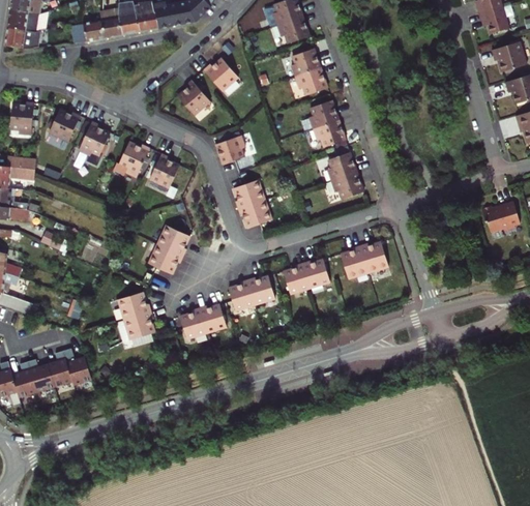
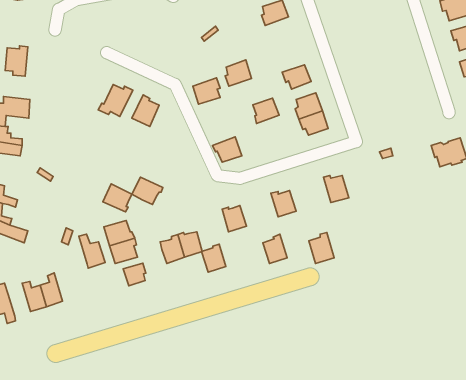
building: [203,58,238,91] -> none
building: [296,67,328,95] -> none
building: [177,80,210,115] -> none
building: [311,99,340,128] -> [225,60,251,86]
building: [48,110,80,142] -> none
building: [78,121,110,156] -> none
building: [234,181,263,209] -> [253,98,279,123]
building: [158,225,190,256] -> [103,184,132,212]
building: [341,244,369,278] -> [309,232,334,263]
building: [284,262,311,294] -> [263,234,287,263]
building: [229,279,256,310] -> [201,244,226,272]
building: none -> [123,263,146,286]
building: [63,348,92,385] -> [79,234,105,268]
building: [12,361,37,397] -> none

